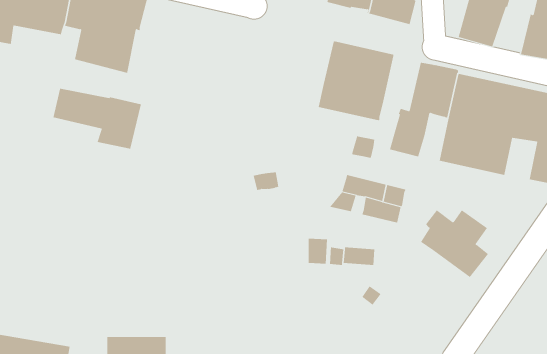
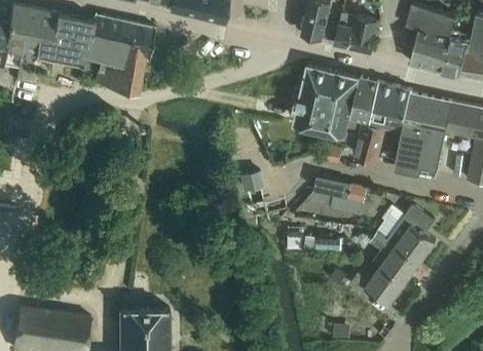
building: none -> [438,39,469,78]
building: none -> [345,79,378,131]
building: [53,88,141,150] -> none
building: none -> [348,232,419,306]

